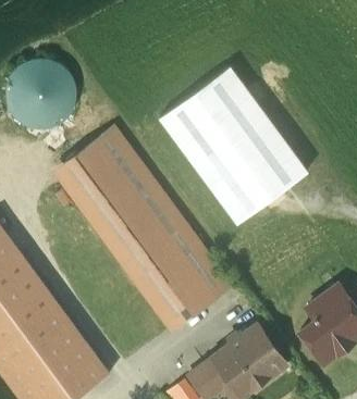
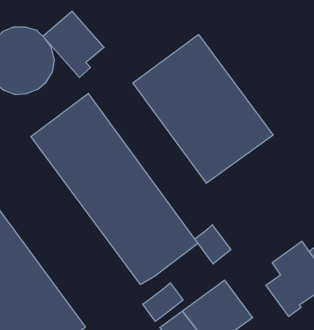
building: none -> [43,11,104,77]
building: none -> [195,225,231,264]
building: none -> [143,283,183,321]

